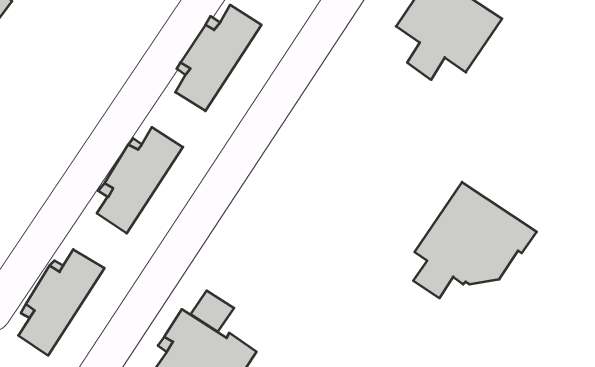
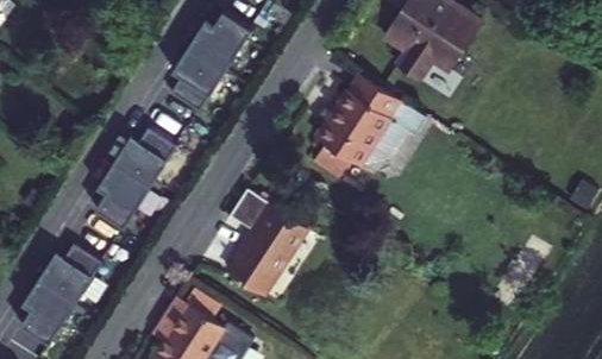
building: [413,182,537,298] -> [309,70,427,181]
building: none -> [226,185,313,298]

